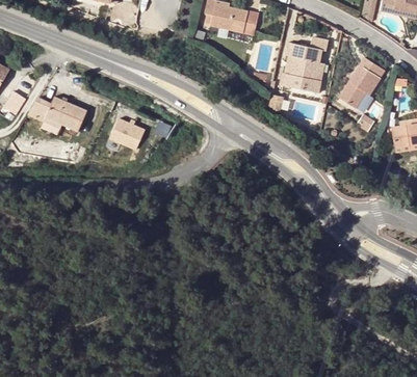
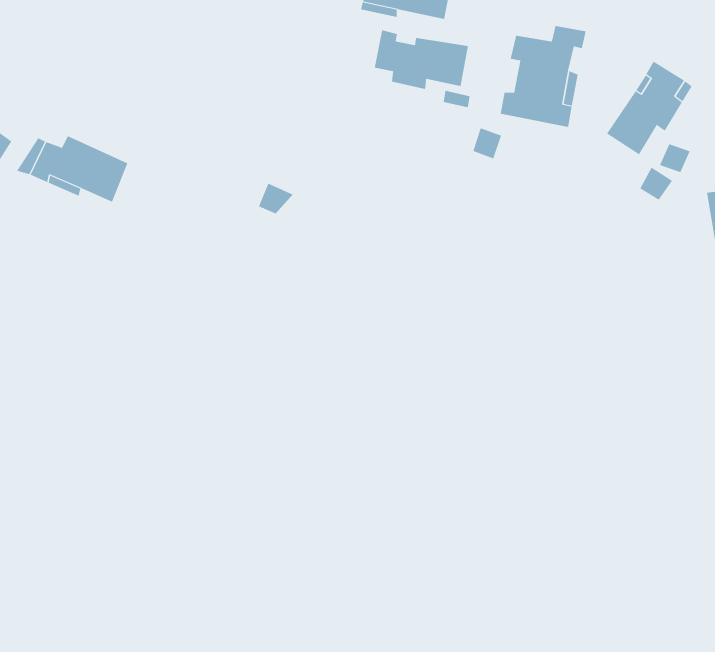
building: none -> [374,30,468,90]
building: [110,119,145,151] -> none

